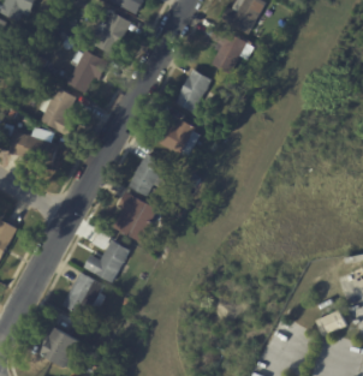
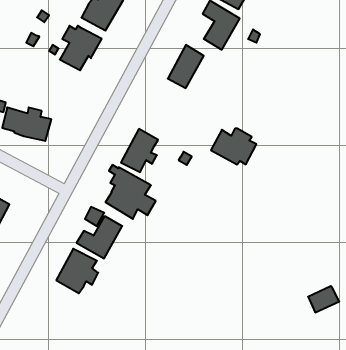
building: [37,88,76,136] -> none
building: [154,119,200,155] -> [211,129,256,164]
building: [42,328,81,369] -> none

